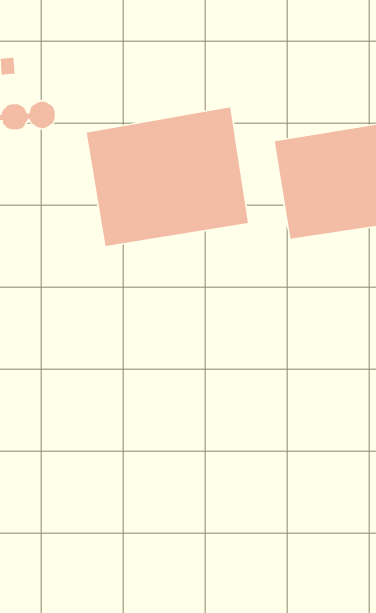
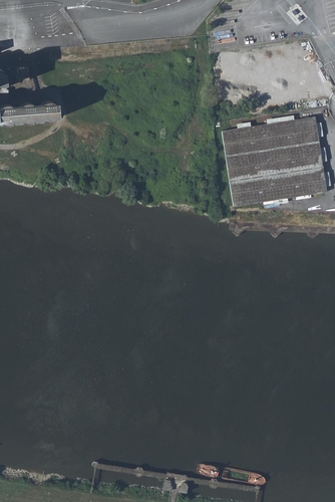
building: [86,107,249,247] -> none

